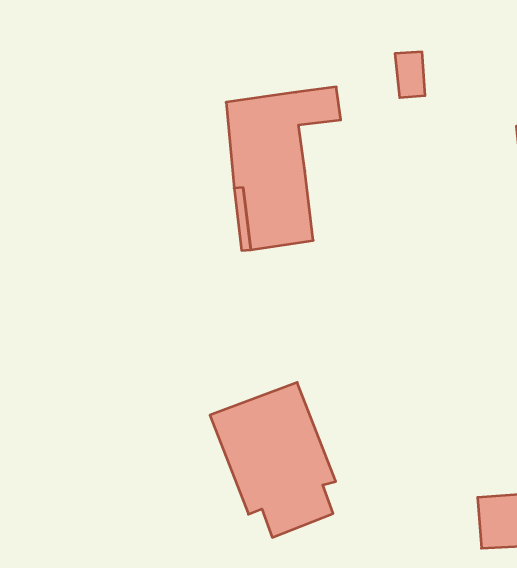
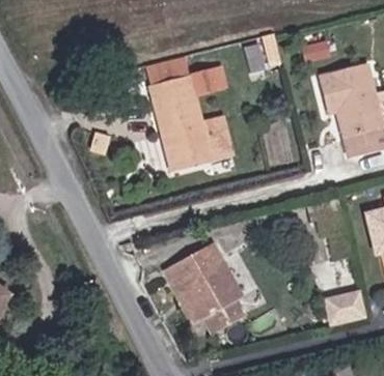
building: none -> [144,56,189,87]
building: none -> [200,115,230,160]

